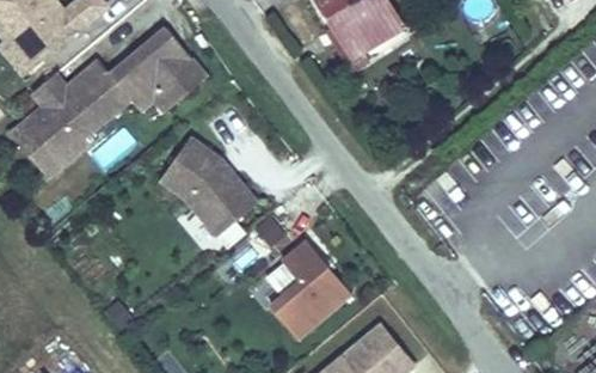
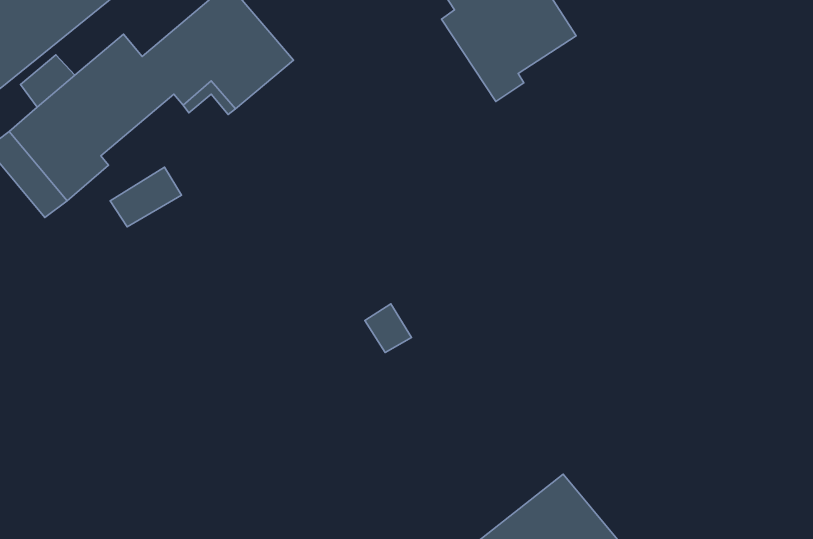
building: [158,128,254,226] -> none
building: [270,239,354,338] -> none

